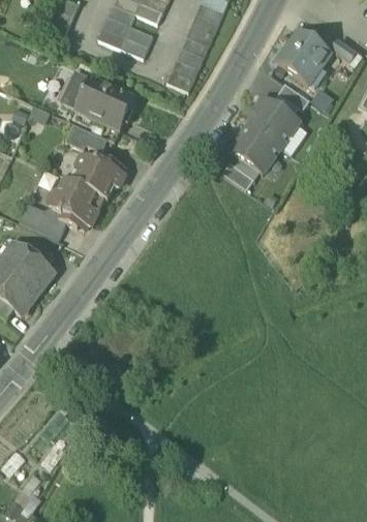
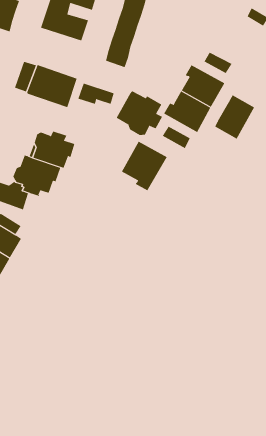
building: [277,30,330,83] -> none
building: none -> [116,90,163,136]
building: [64,122,106,150] -> [77,83,114,105]
building: none -> [215,95,255,139]
building: none -> [121,141,168,191]

